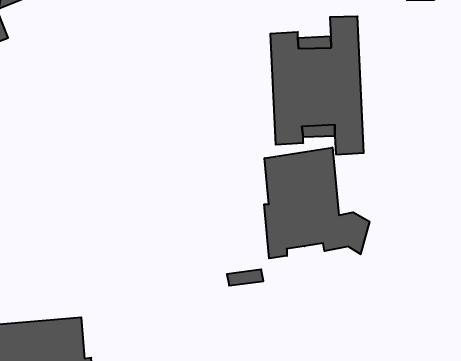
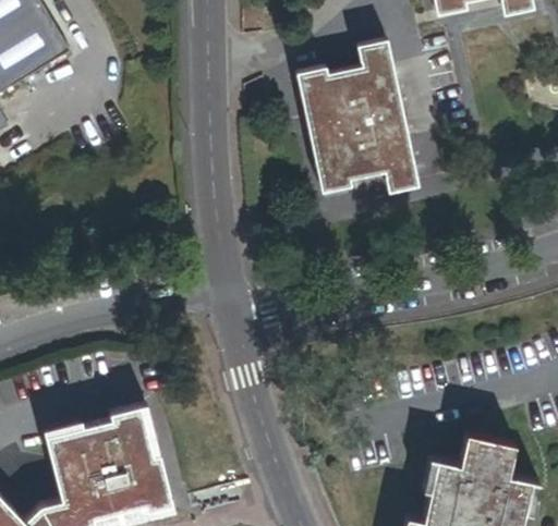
building: [264,147,369,258] -> none

